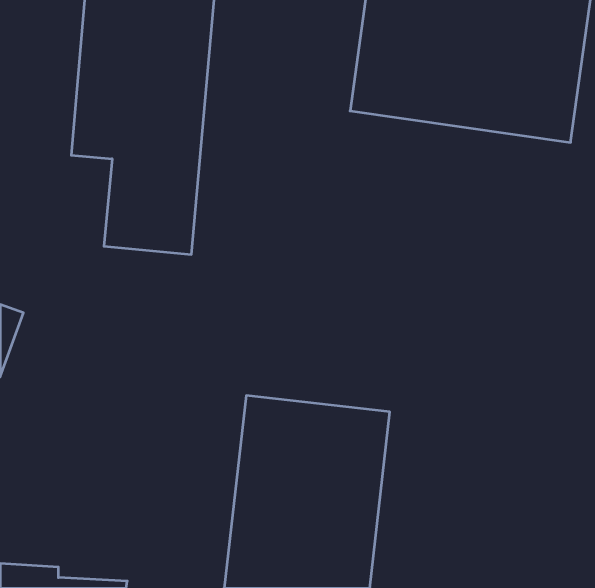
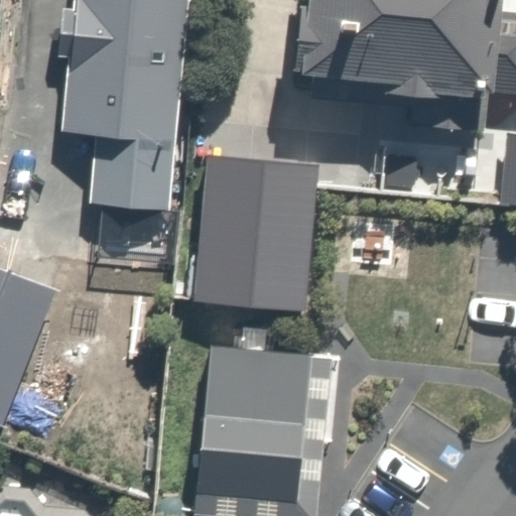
building: none -> [187,162,321,303]

